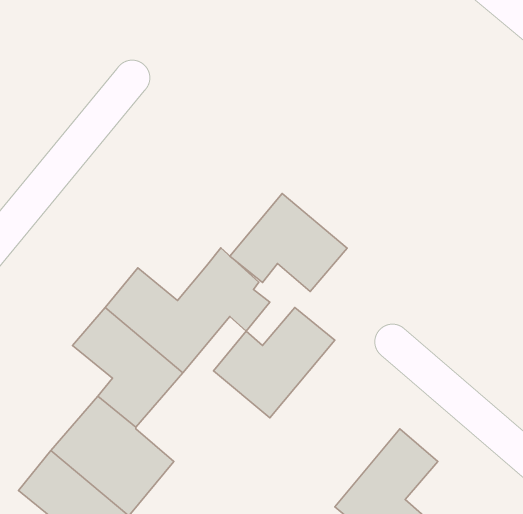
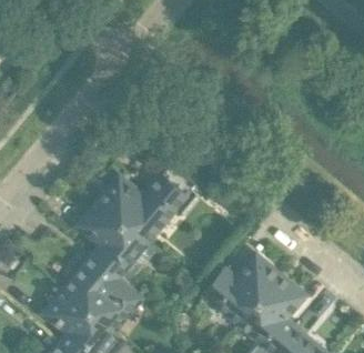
building: [230,193,347,292] -> none
building: [214,308,335,418] -> [205,256,280,324]

